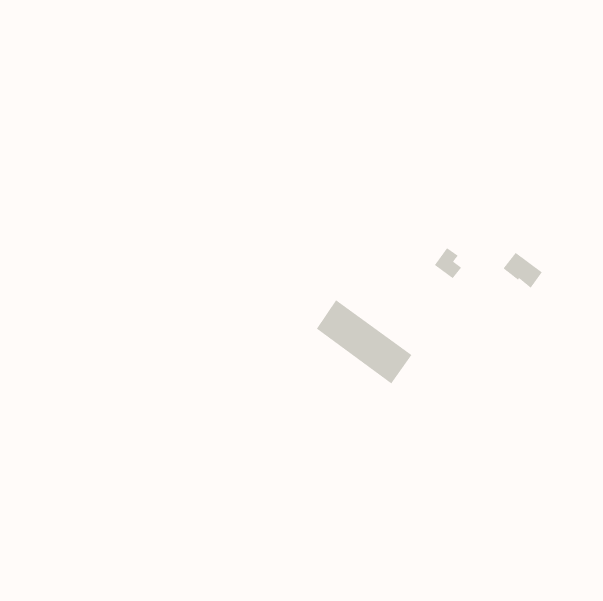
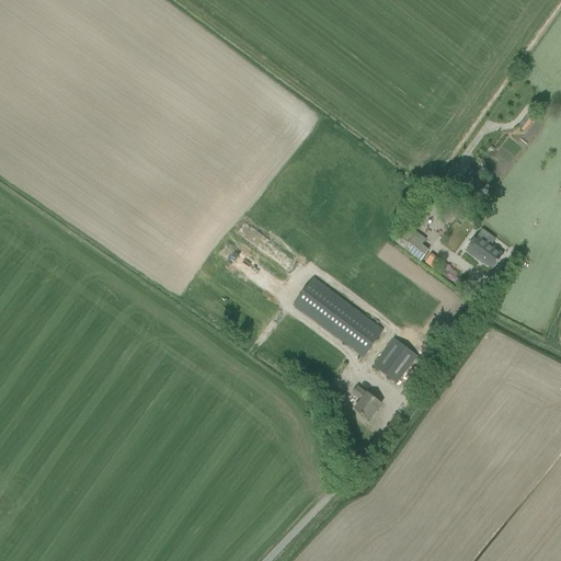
building: none -> [375,336,417,381]
building: none -> [353,385,381,417]

